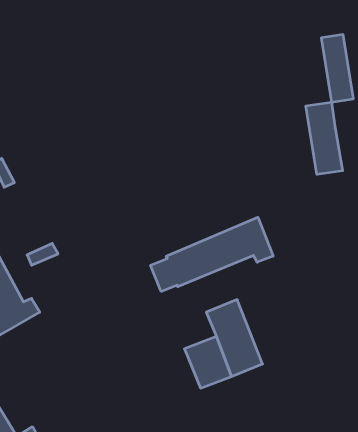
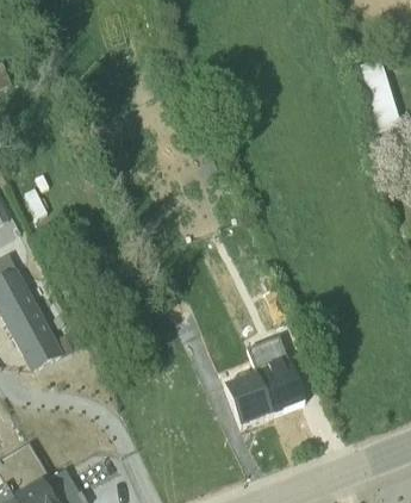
building: [306,102,343,174] -> none
building: [151,217,273,291] -> none

